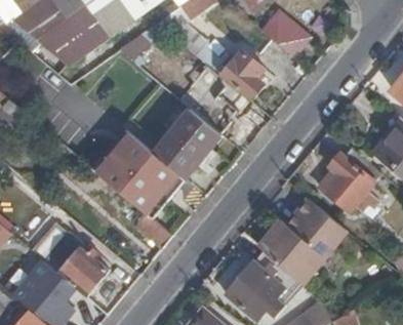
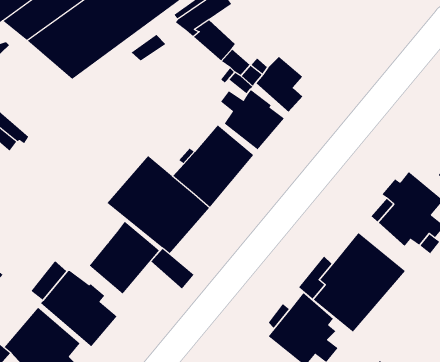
building: [260,12,307,57] -> none
building: none -> [89,221,160,294]

